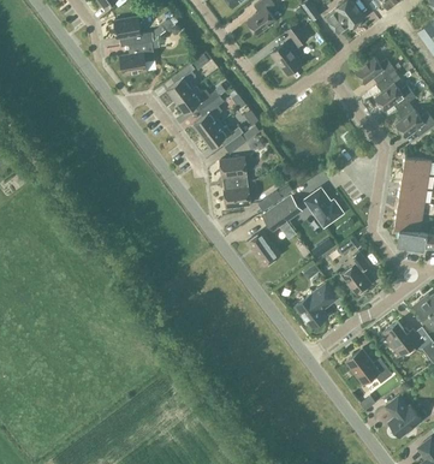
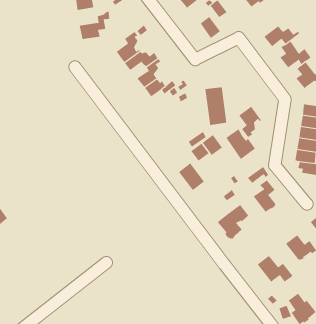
building: [220,159,249,208] -> [205,87,227,126]
building: none -> [239,106,262,138]

